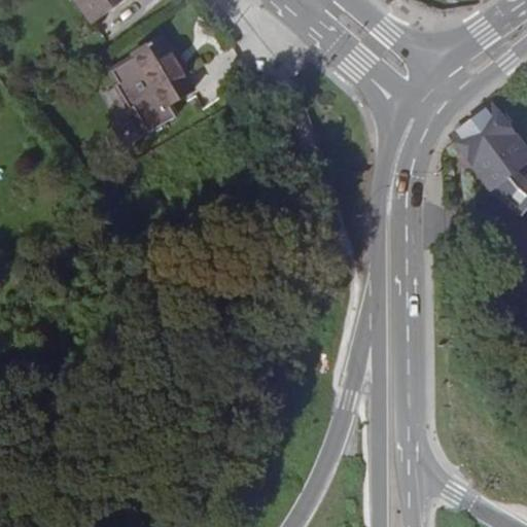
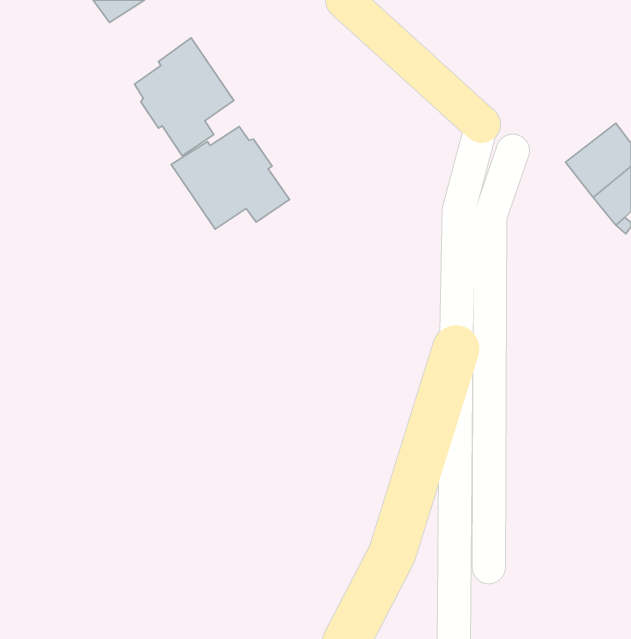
building: none -> [171,127,290,229]

